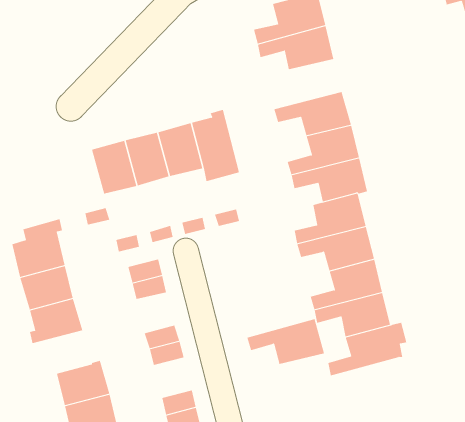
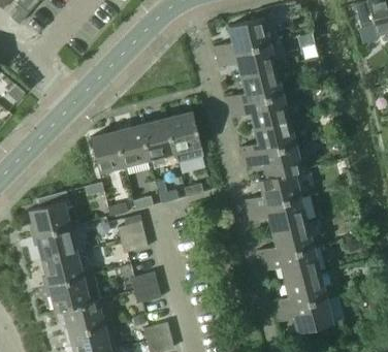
building: none -> [228,69,283,107]
building: [246,319,325,364] -> [273,297,333,332]
building: none -> [45,275,101,312]

